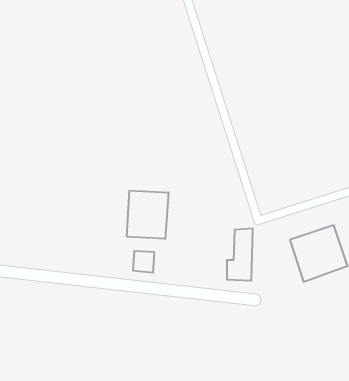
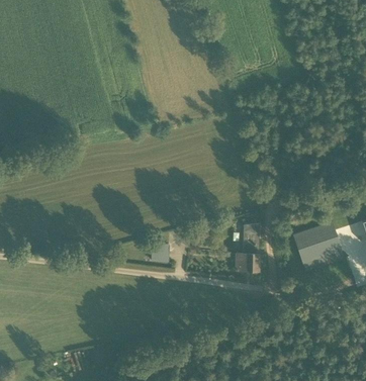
building: [127,191,169,239] -> none

